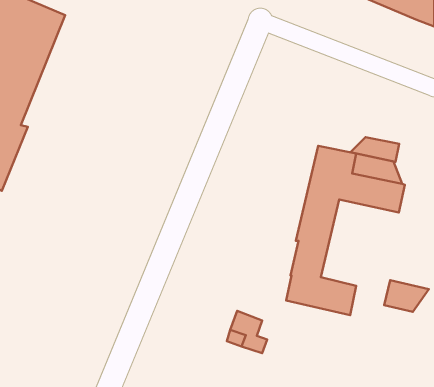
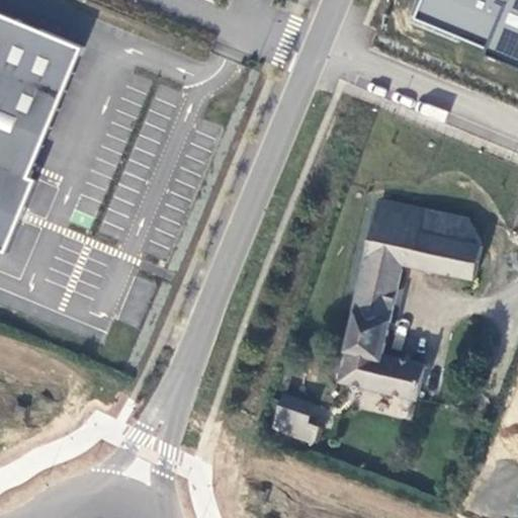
building: [350,137,399,162] -> none
building: [384,280,429,312] -> none

